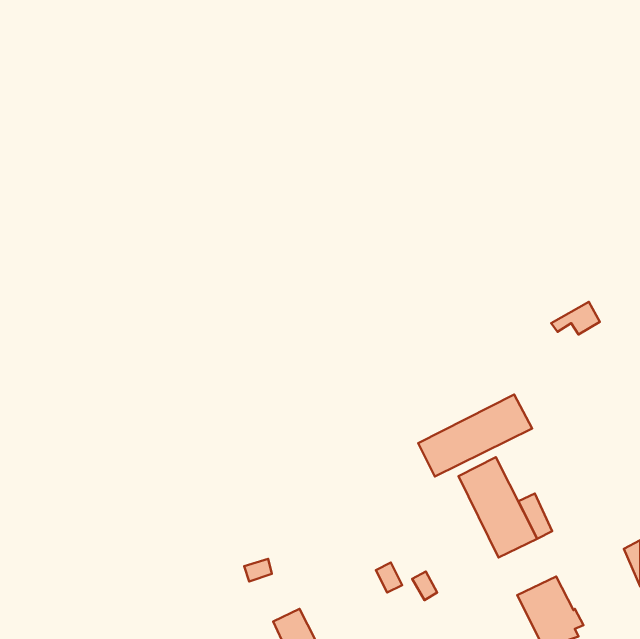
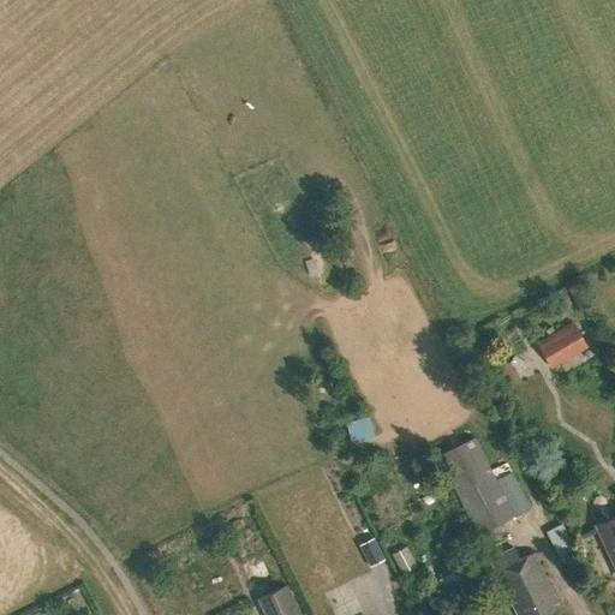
building: [551,302,600,334] -> [538,327,585,358]
building: [418,394,532,476] -> none

